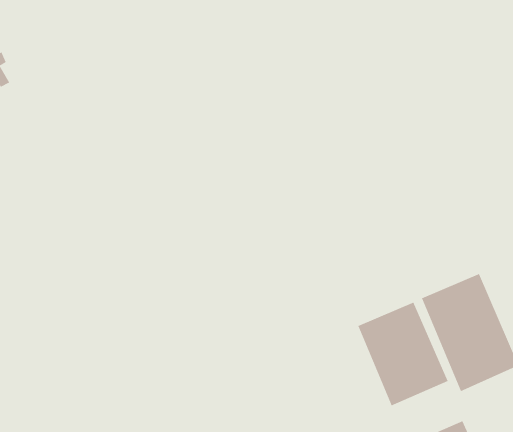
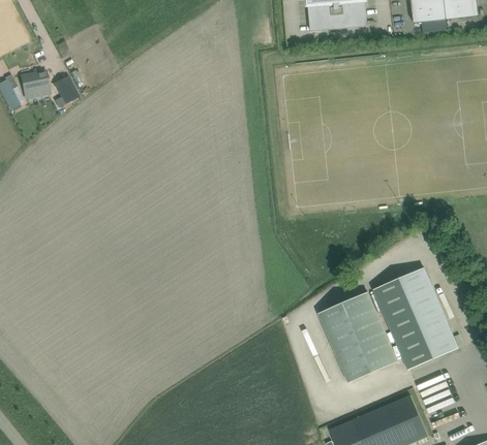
building: none -> [20,70,50,97]
building: none -> [53,75,78,106]

